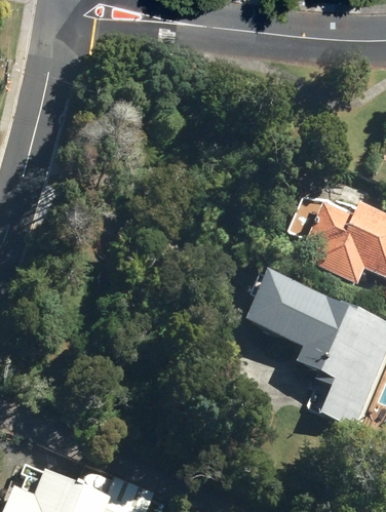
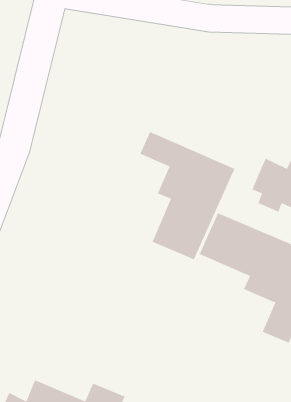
building: none -> [140,131,235,260]

